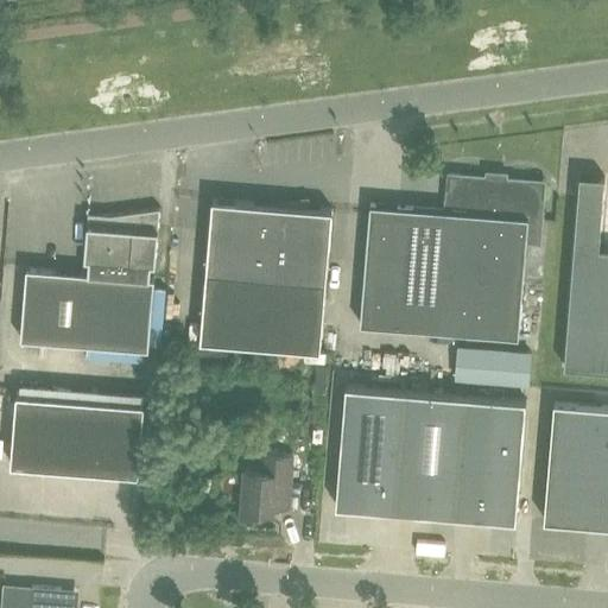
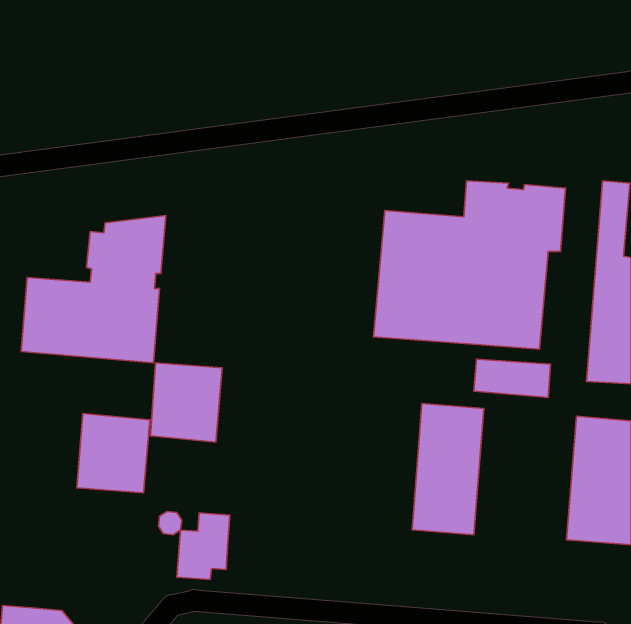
building: [200,203,331,357] -> none
building: [335,391,405,517] -> none
building: [11,400,80,476] -> [150,363,222,442]
building: [455,400,525,526] -> none
building: [240,460,291,524] -> [177,513,230,580]

